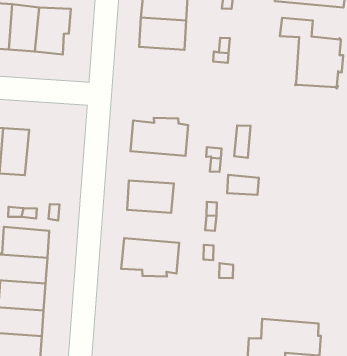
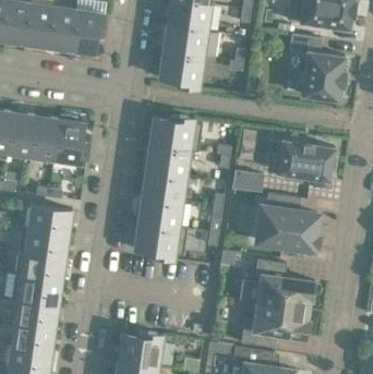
building: none -> [159,52,204,89]
building: none -> [53,120,86,165]
building: none -> [278,141,335,183]
building: none -> [146,145,198,177]
building: none -> [257,194,322,251]
building: none -> [139,197,188,230]
building: none -> [254,261,315,311]

